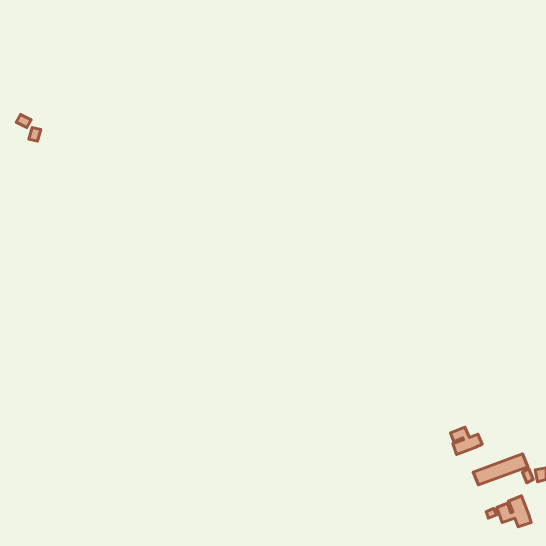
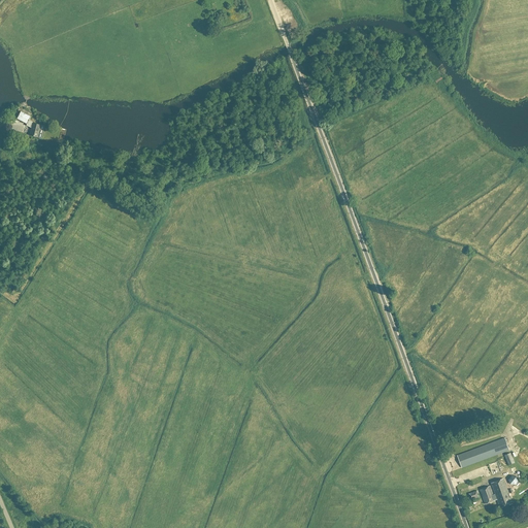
building: [451,427,482,454] -> none

